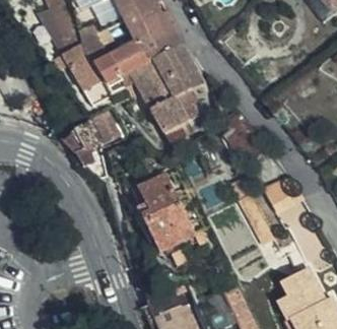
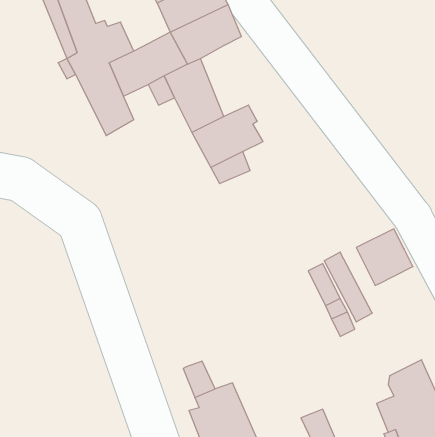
building: [155,42,201,97] -> none
building: [63,113,127,156] -> none
building: [137,177,194,253] -> none

